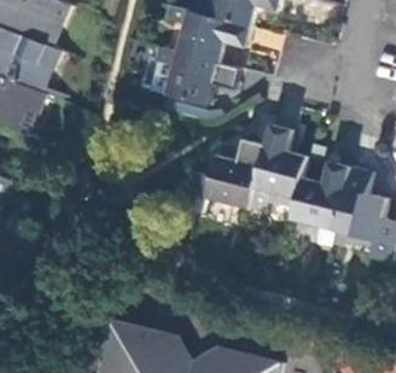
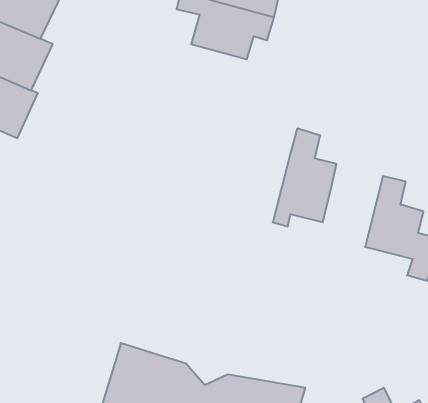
building: [151,46,244,105] -> none
building: [191,141,269,212] -> none
building: [295,162,351,247] -> none

